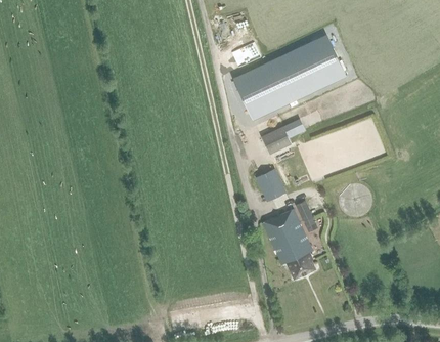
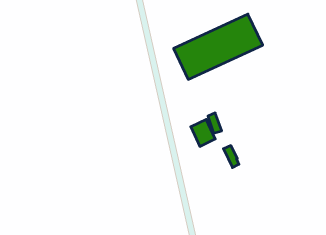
building: [261,127,292,156] -> none
building: [262,209,315,281] -> none

